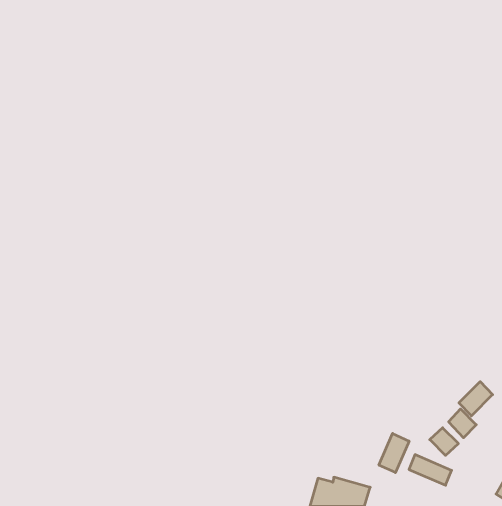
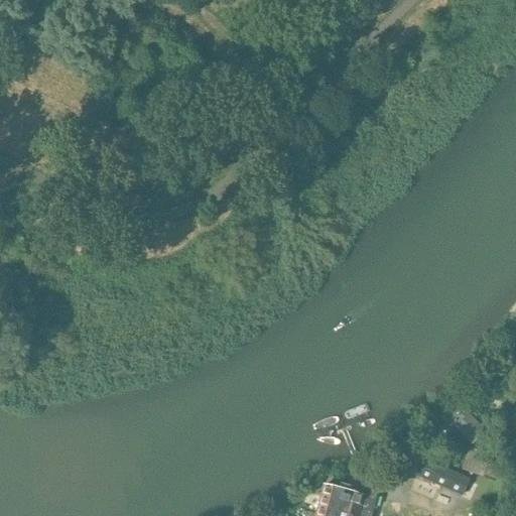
building: [459,382,493,416] -> none
building: [379,433,409,473] -> none

